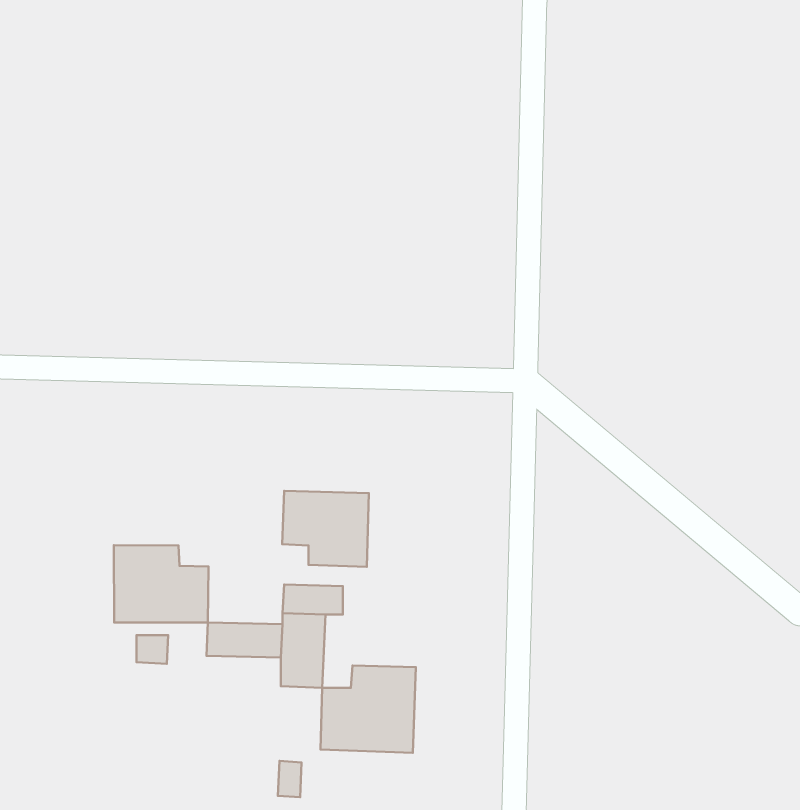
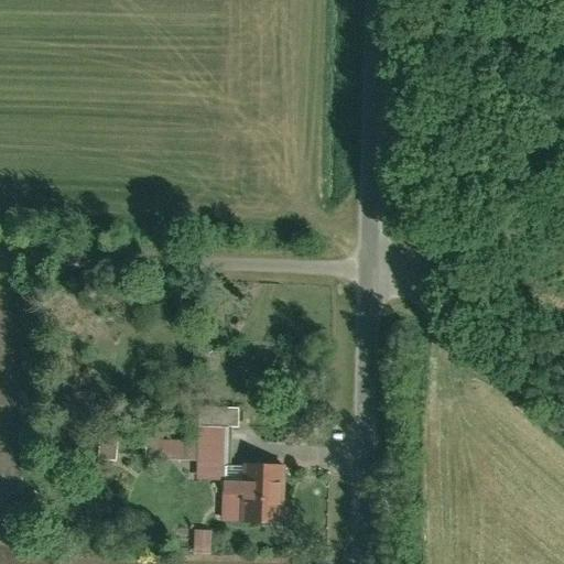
building: [282,491,369,567] -> none
building: [114,545,208,623] -> none

